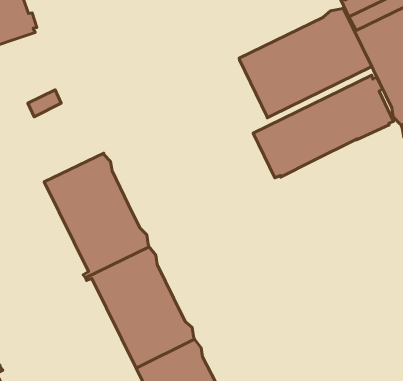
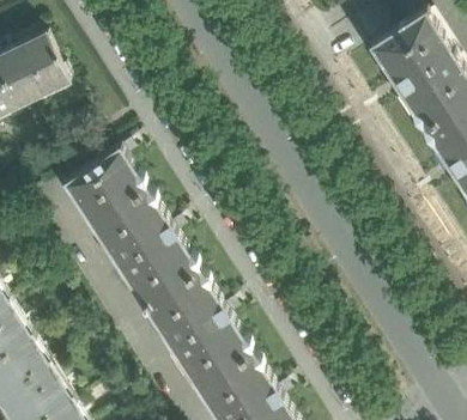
building: [239,8,372,118] -> none
building: [253,75,394,178] -> none
building: none -> [62,147,146,223]

